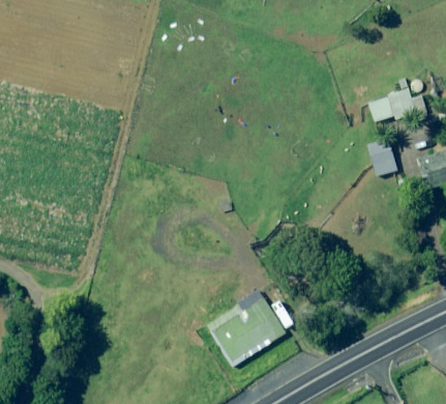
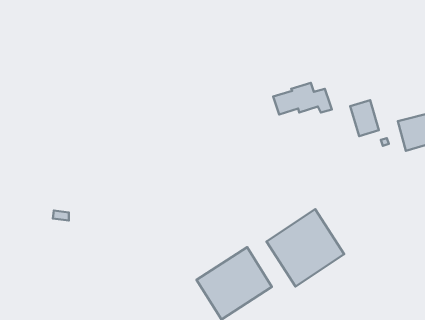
building: [369,88,430,121] -> [273,83,332,115]
building: none -> [266,209,344,287]

